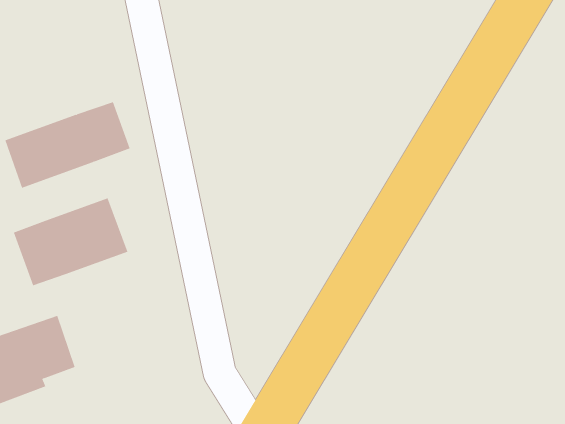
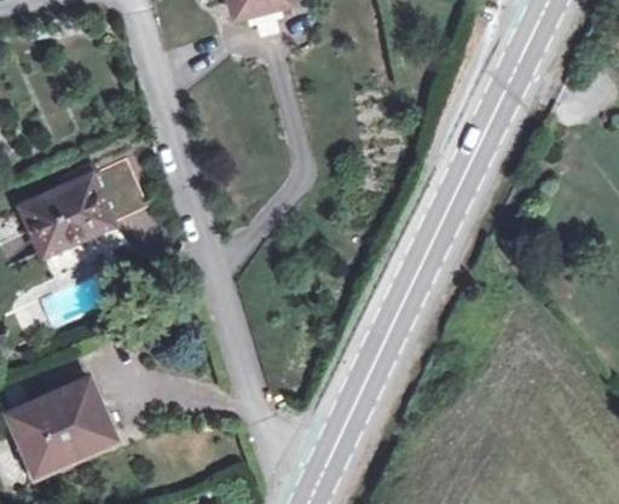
building: [13,197,128,286] -> none

